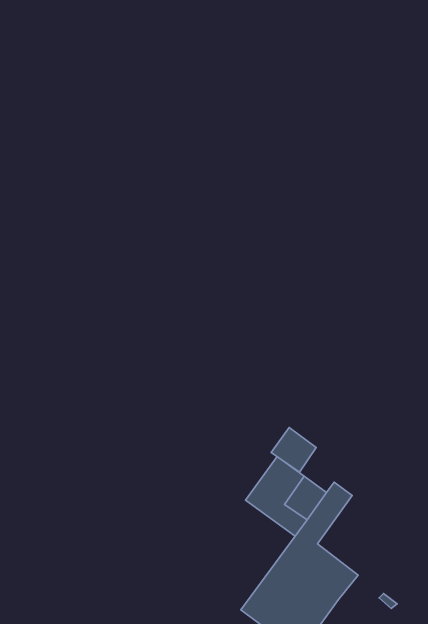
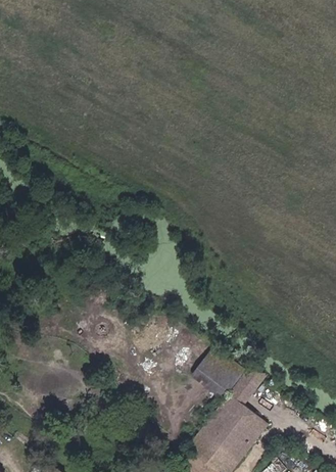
building: [271,428,316,472] -> none

